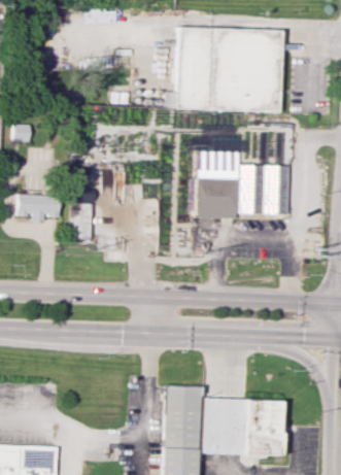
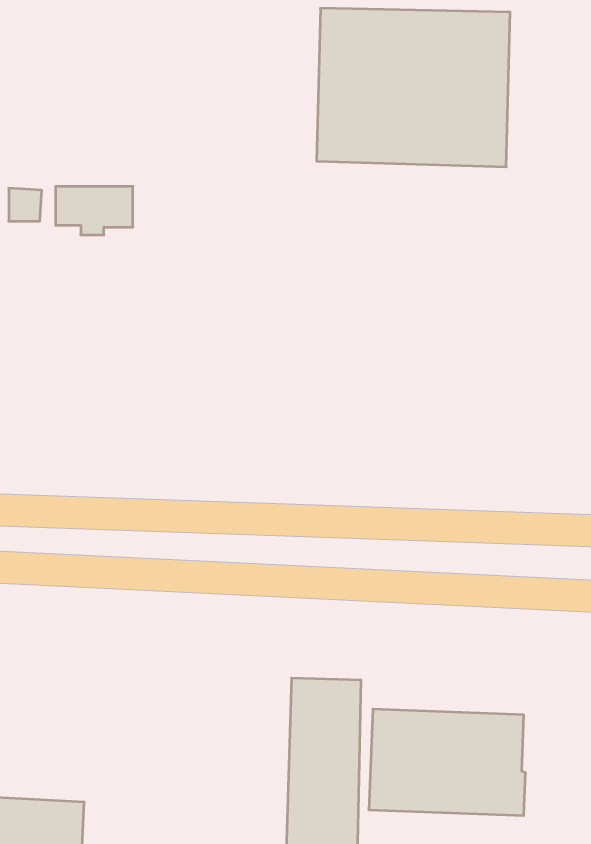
building: [197,150,287,217] -> none
building: [18,194,59,219] -> [56,186,133,235]
building: [70,202,92,239] -> none

